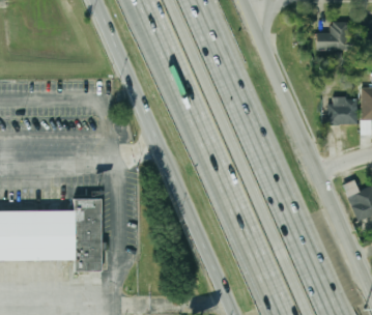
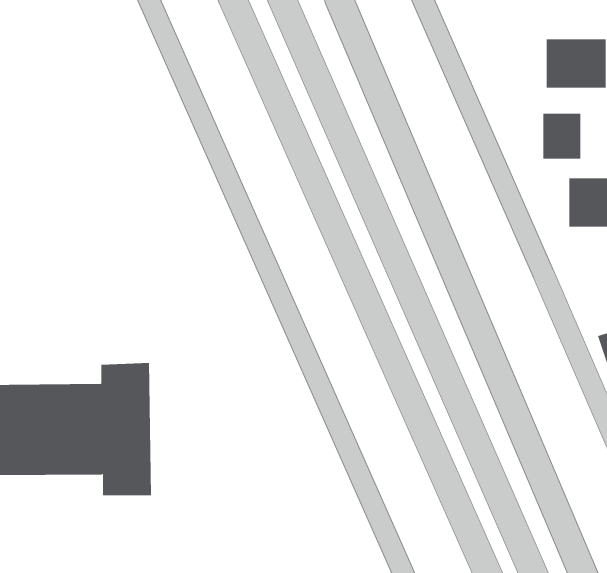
building: none -> [543,113,581,159]

